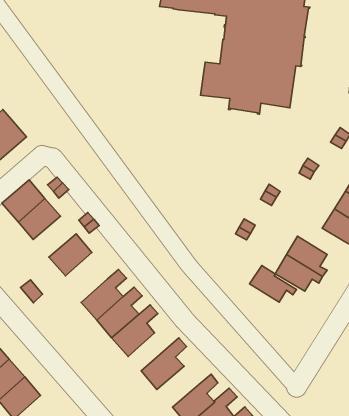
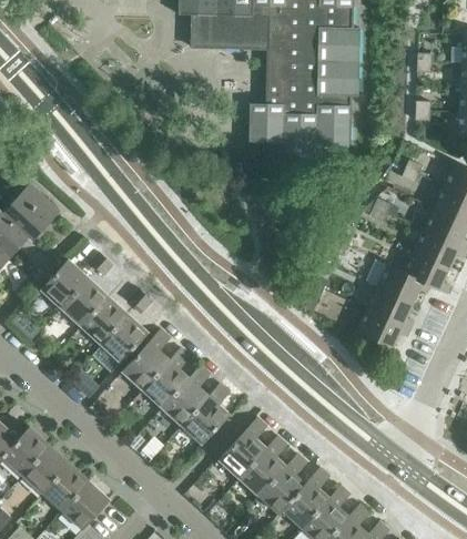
building: none -> [80,296,128,344]
building: none -> [122,329,170,390]
building: [250,266,296,302] -> [376,265,429,304]
building: none -> [238,436,287,496]

